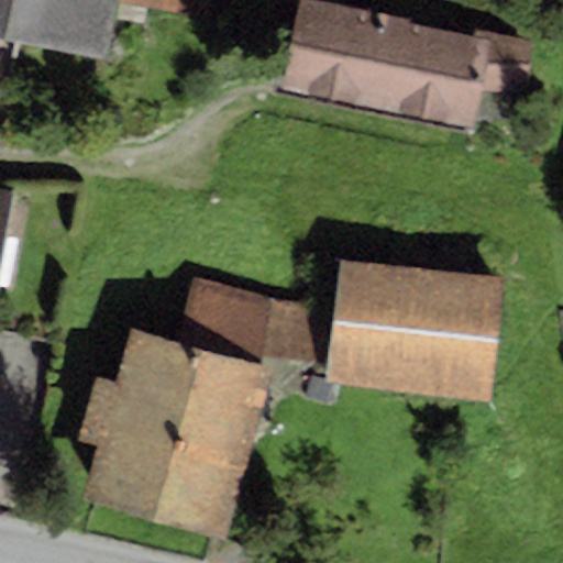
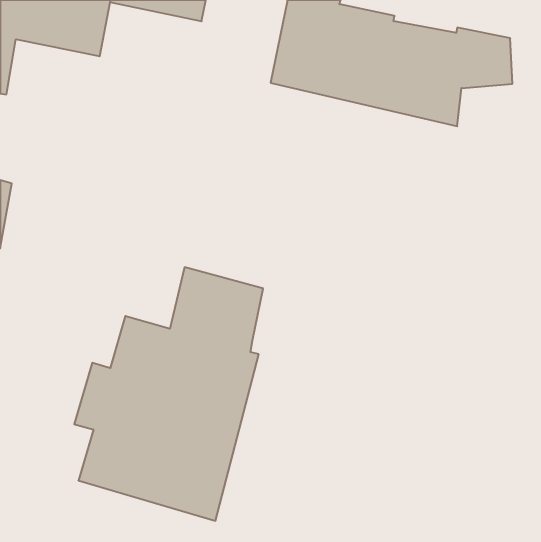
building: [263,258,501,399] -> none

